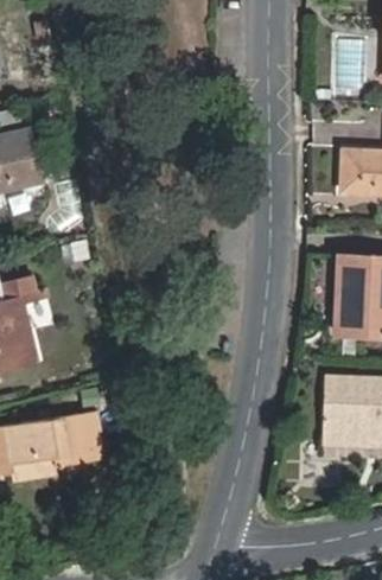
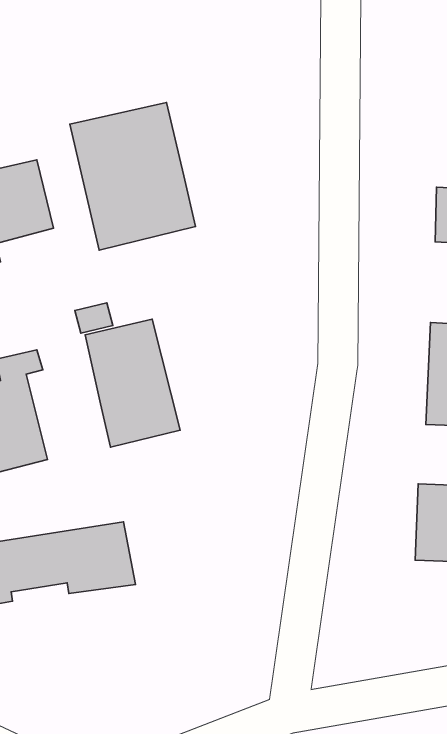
building: none -> [70,103,195,250]
building: none -> [85,319,180,447]

